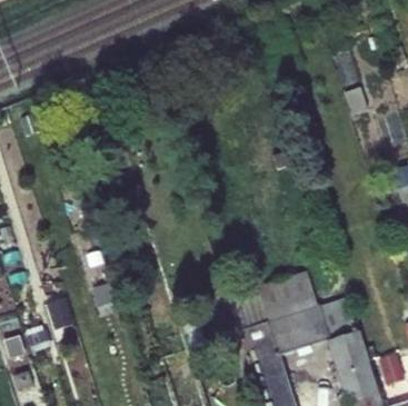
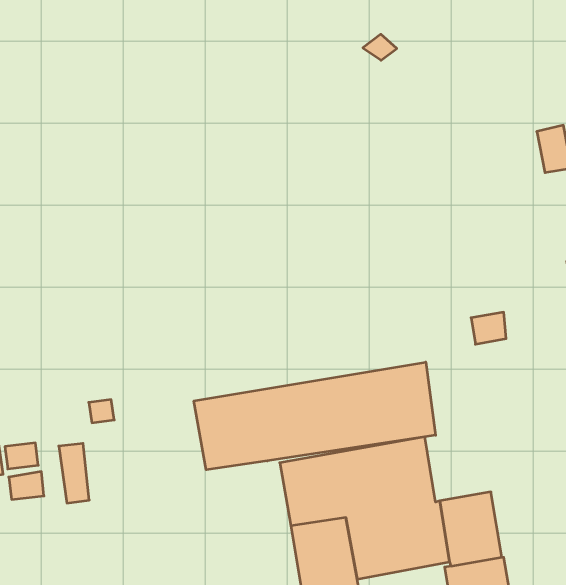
building: none -> [194,362,436,470]

